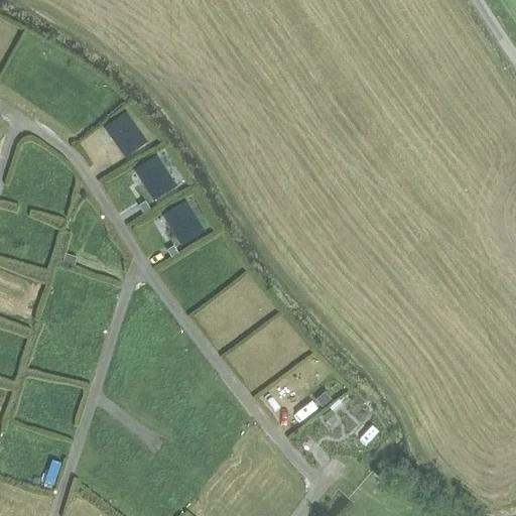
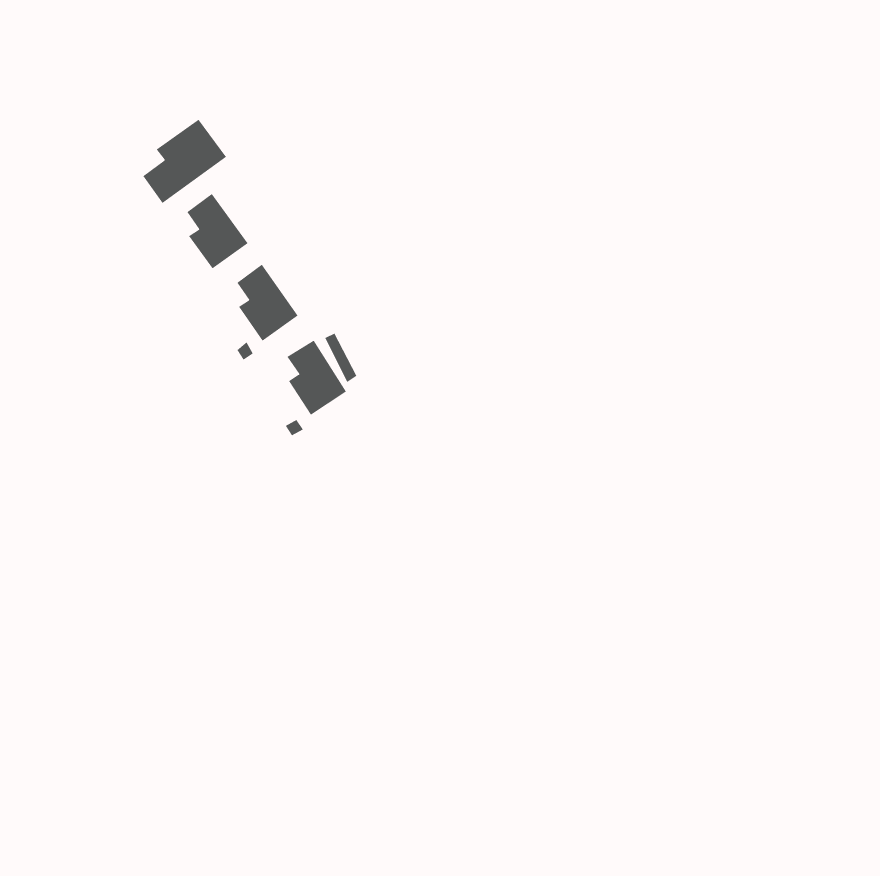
building: none -> [142,119,227,204]

